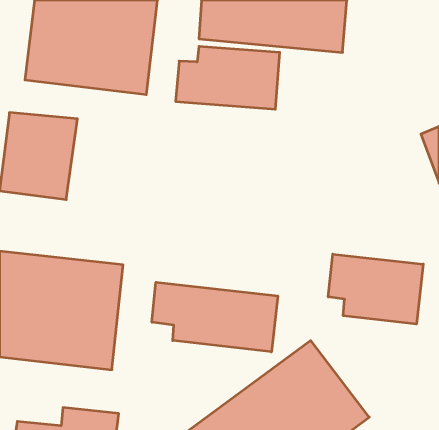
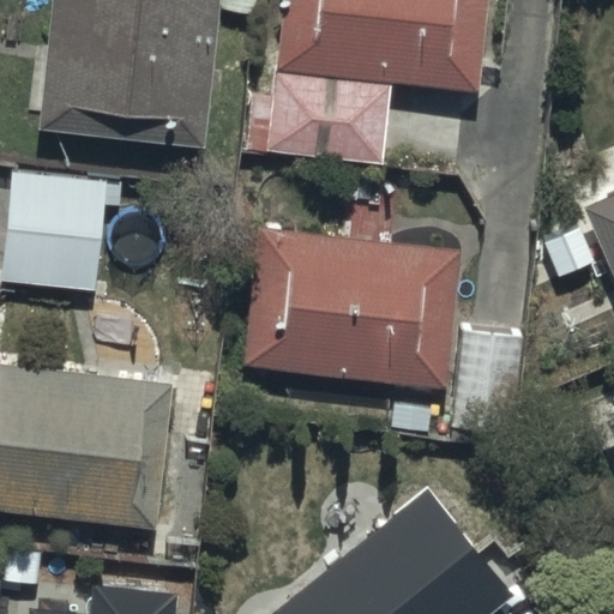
building: none -> [248,231,464,383]
building: [328,254,423,324] -> none
building: [152,282,278,352] -> none

